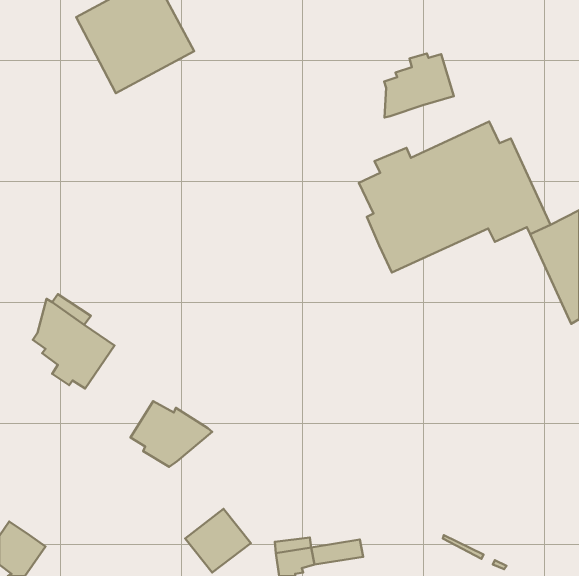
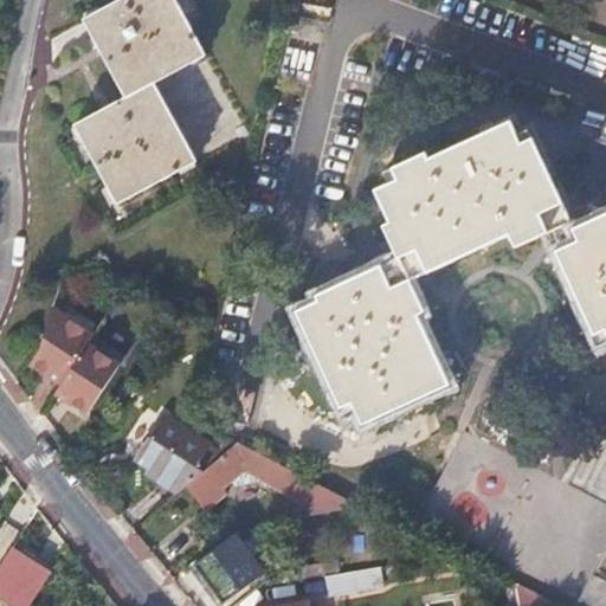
building: [384,53,454,118] -> none
building: none -> [73,80,194,204]
building: none -> [296,256,451,427]
building: none -> [185,439,356,512]

